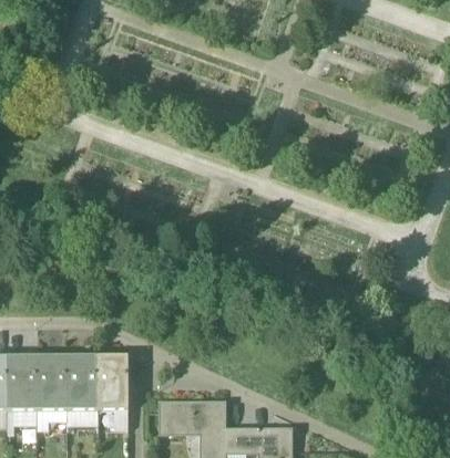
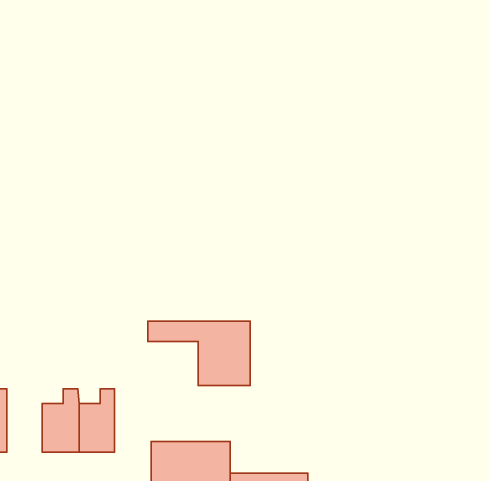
building: none -> [148,321,250,385]
building: [37,357,67,410] -> none

